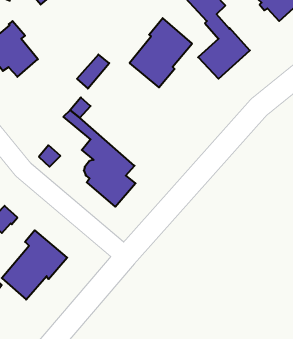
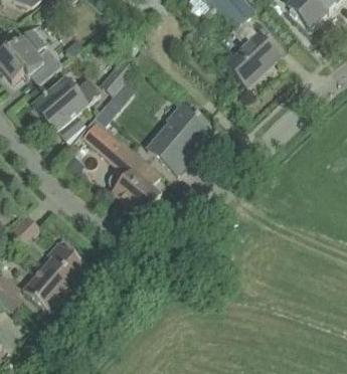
building: [130,18,192,87] -> [147,103,211,174]
building: none -> [32,77,100,132]

